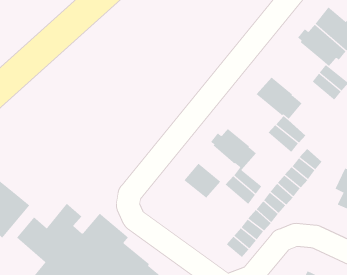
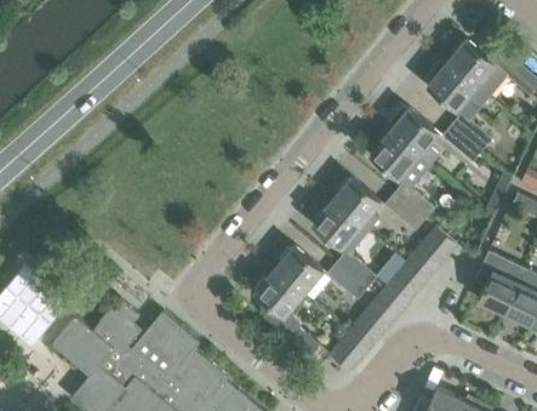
building: none -> [389,105,440,166]
building: none -> [331,176,381,233]
building: none -> [253,268,320,358]

